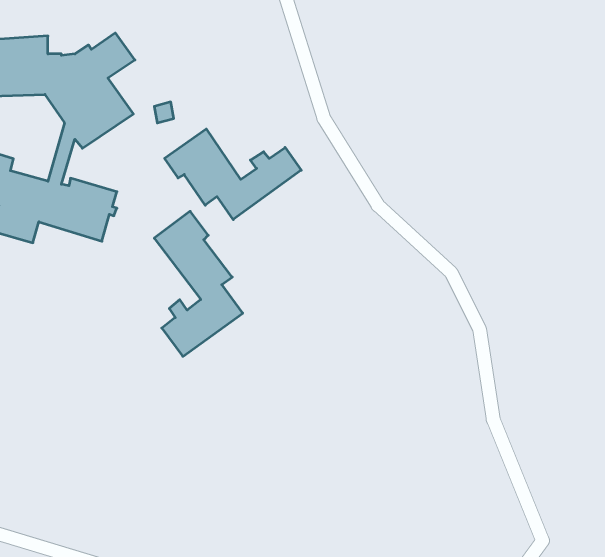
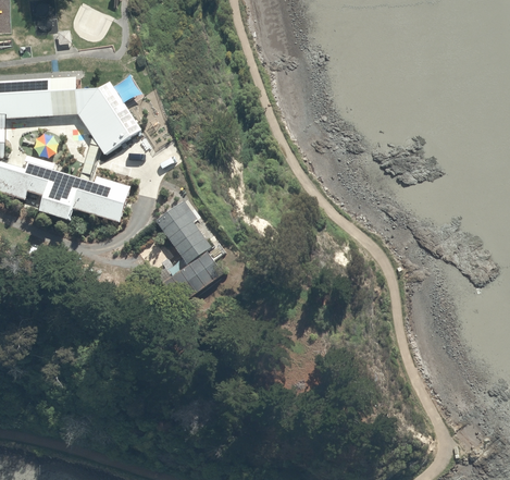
building: [165,129,301,220] -> none

